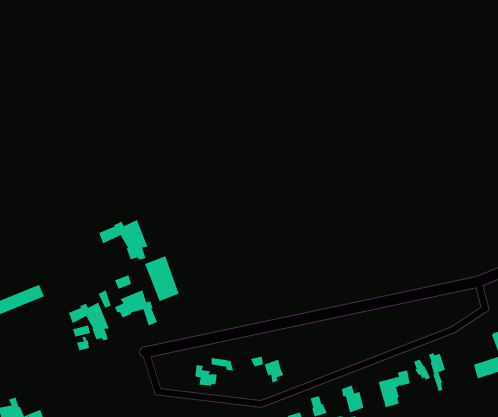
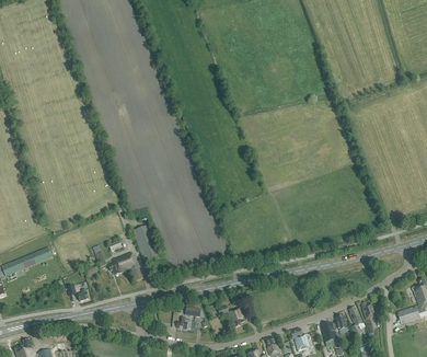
building: [98,219,148,261] -> none
building: [68,302,110,341] -> none

